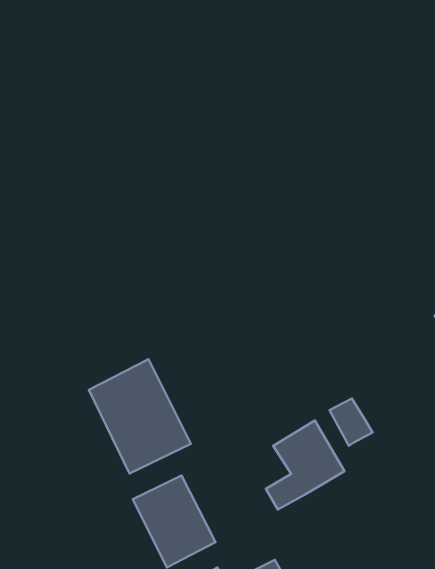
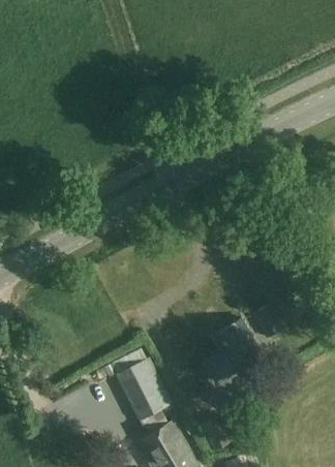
building: [89,359,191,473] -> none

